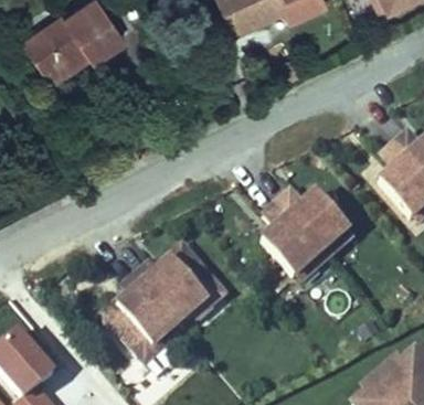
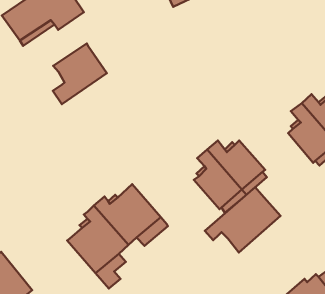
building: none -> [53,43,107,104]
building: none -> [205,187,281,252]

